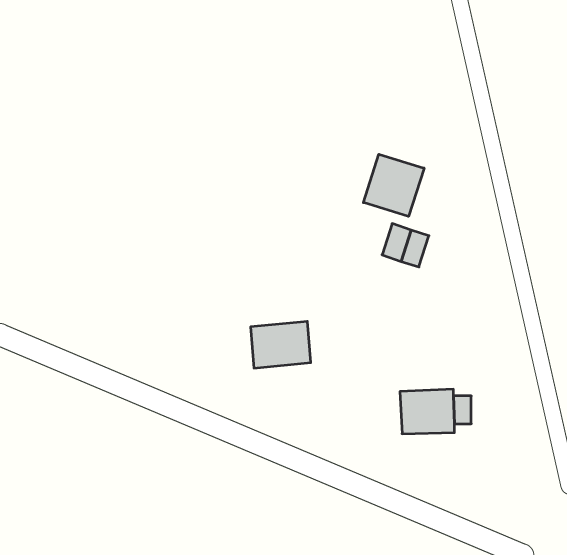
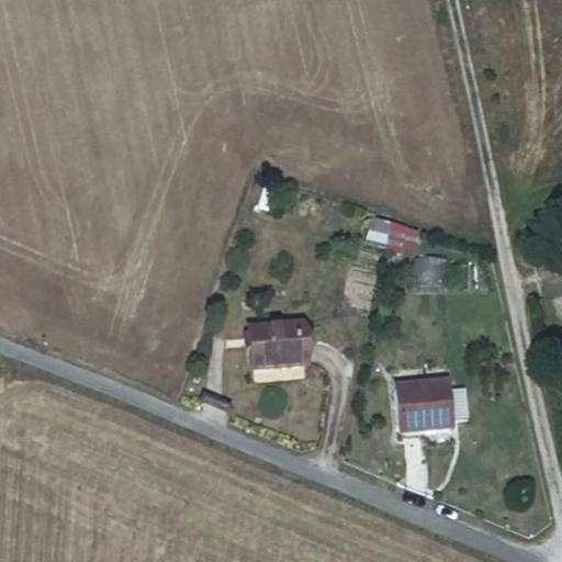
building: [363,154,424,216] -> none

